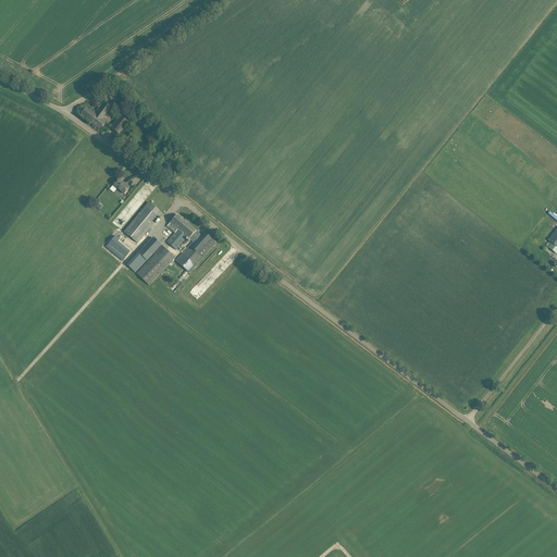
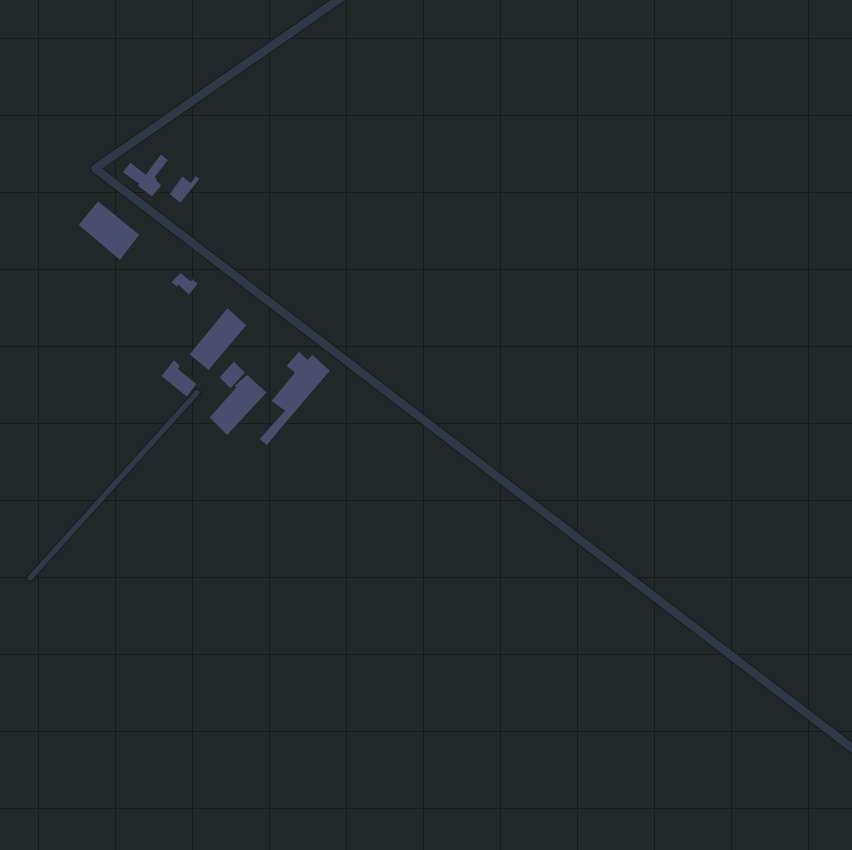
building: none -> [78,201,140,261]
building: [166,212,195,248] -> none

